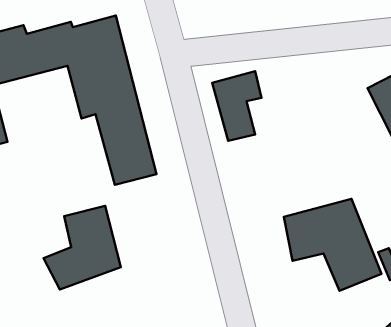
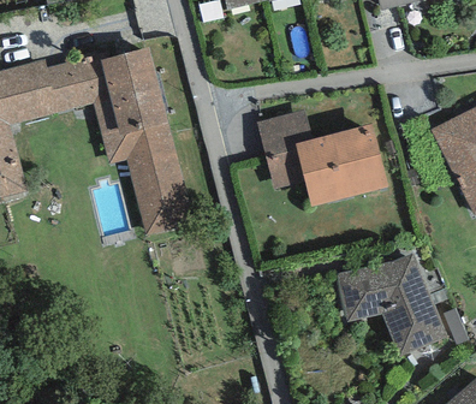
building: none -> [294,123,388,207]
building: [44,206,121,290] -> none

